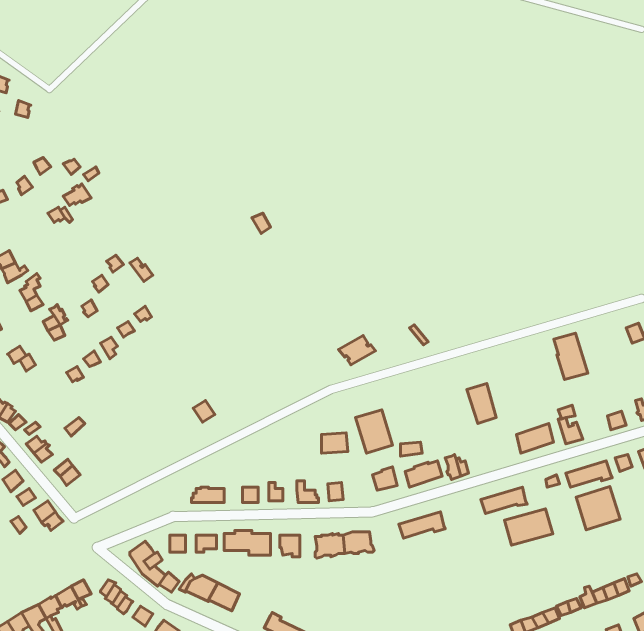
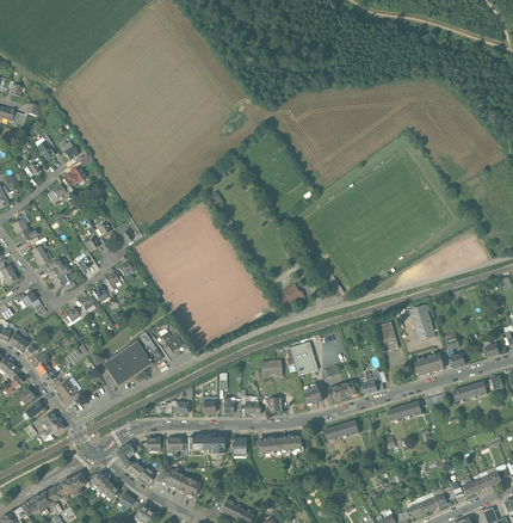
building: [554,333,588,379] -> [409,304,435,340]
building: none -> [103,332,159,386]
building: [576,487,620,530] -> none
building: [504,509,553,545] -> none

